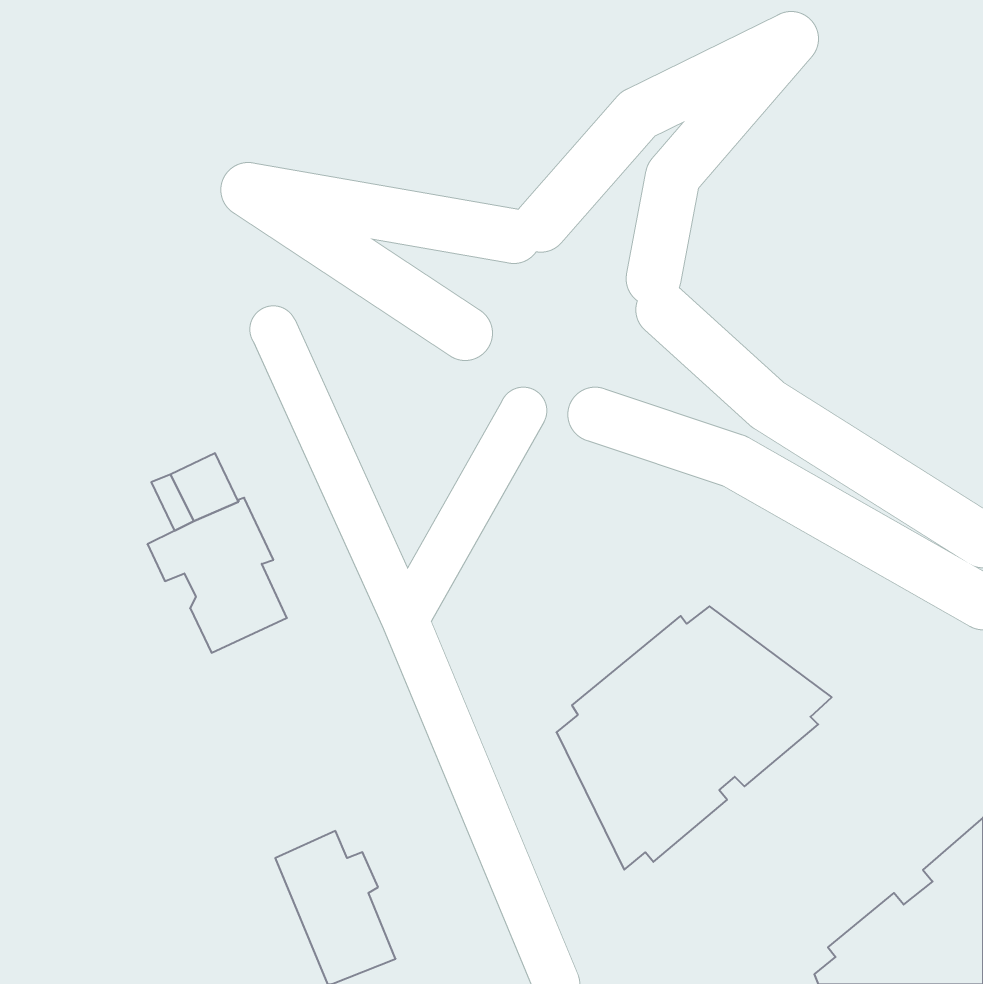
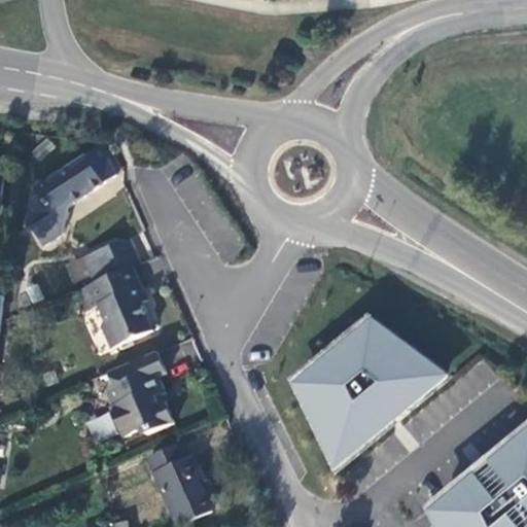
building: none -> [28,146,114,243]
building: none -> [102,350,171,437]

